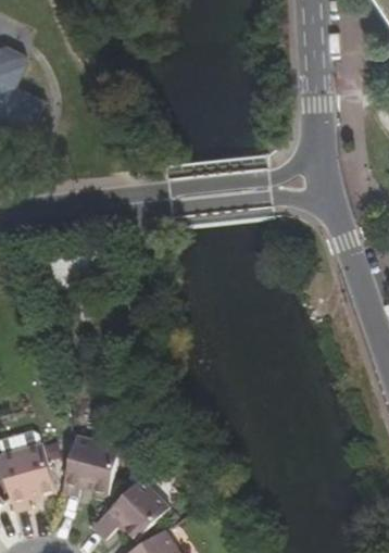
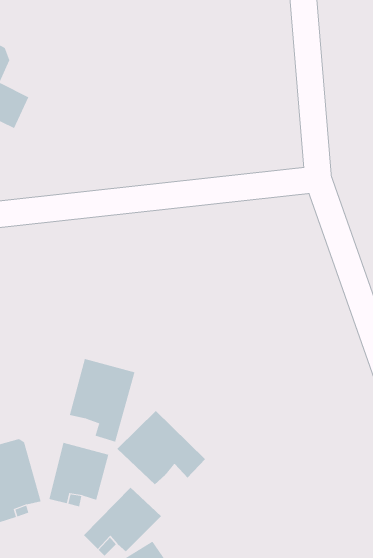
building: none -> [69,358,135,442]
building: none -> [117,410,206,485]

